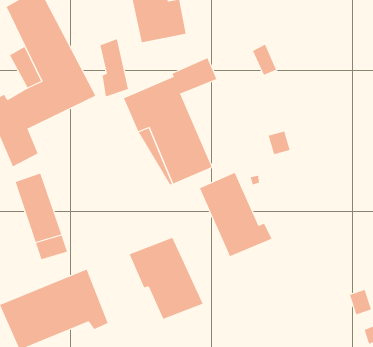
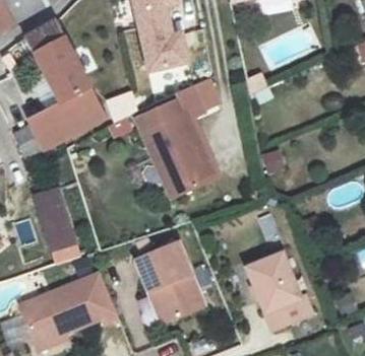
building: [199,172,272,257] -> [246,257,312,333]

